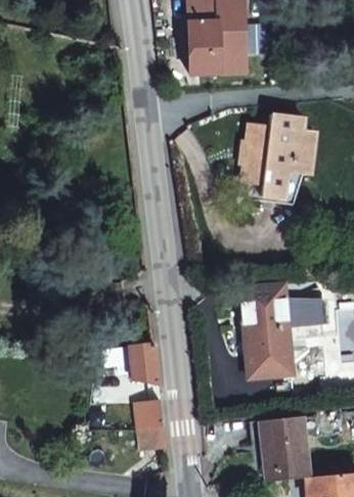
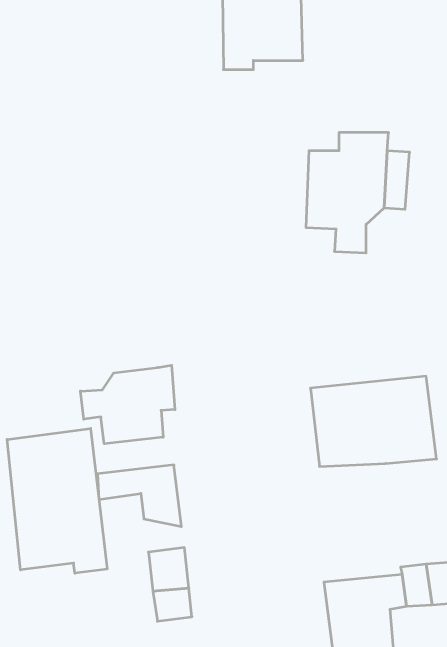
building: none -> [80,365,175,444]
building: none -> [7,428,107,573]
building: [253,343,301,380] -> none

